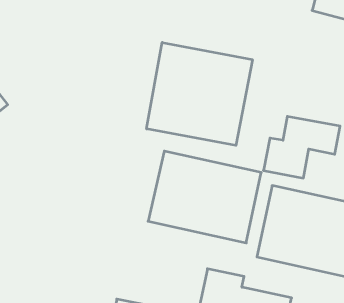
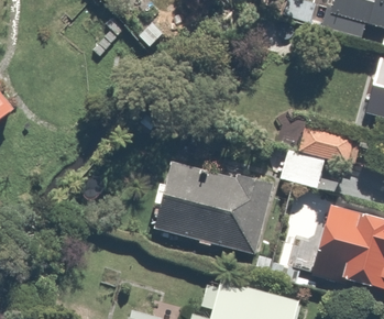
building: [147,42,252,145] -> none

